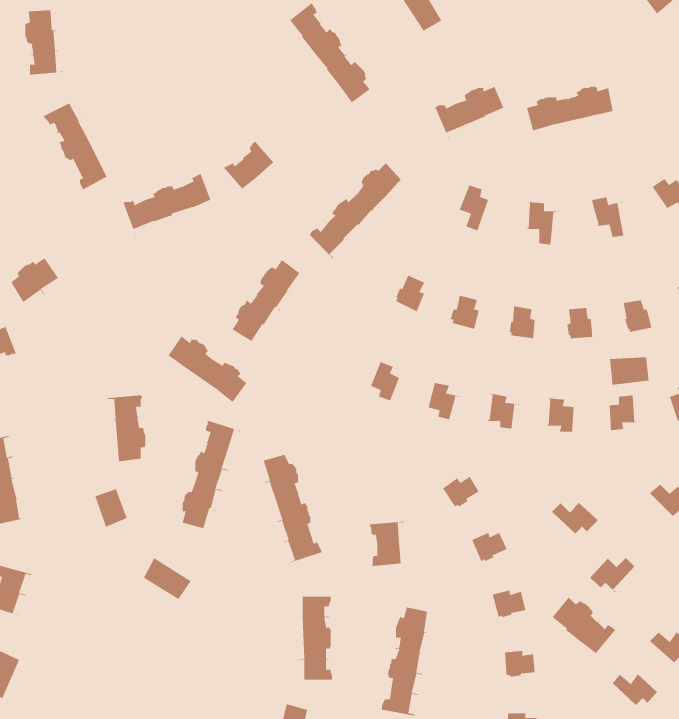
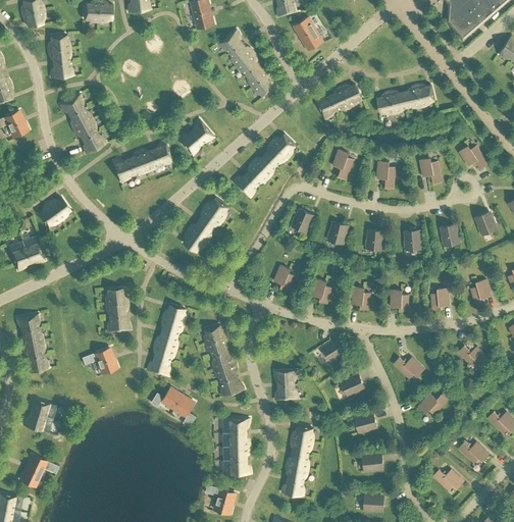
building: [168,335,247,403] -> none
building: [610,357,649,386] -> none
building: [143,558,191,600] -> [162,388,194,416]
building: [552,597,616,660] -> none

